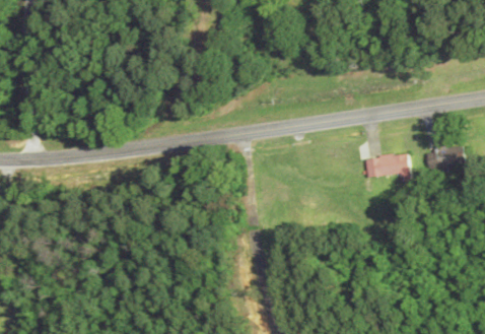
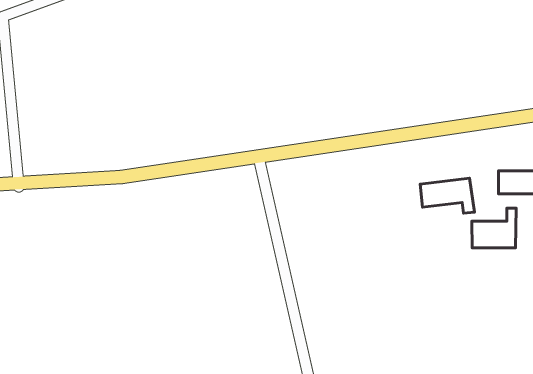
building: none -> [472,208,516,248]

